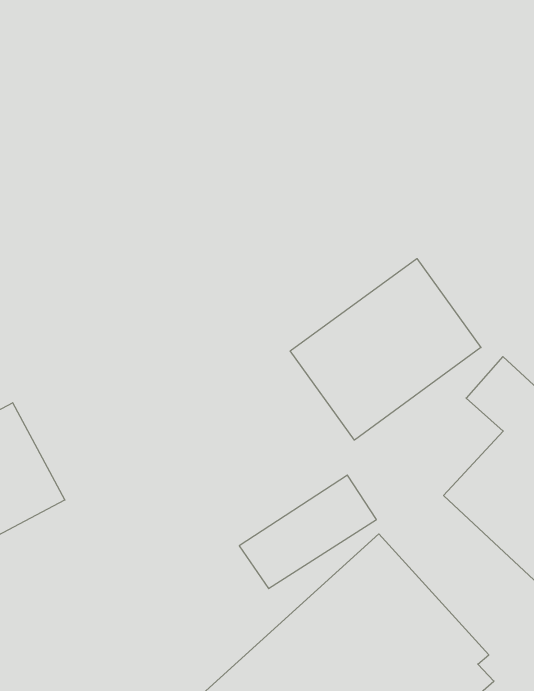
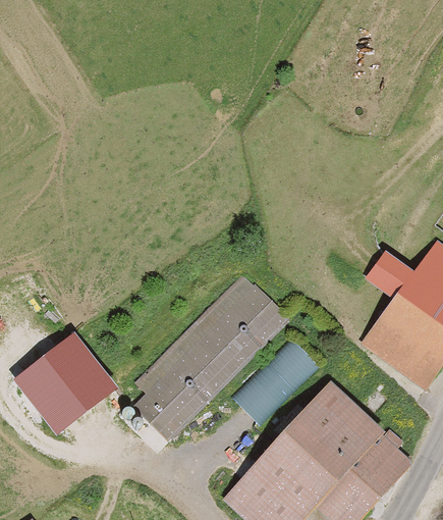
building: [290,259,481,440] -> none
building: none -> [132,275,291,445]

